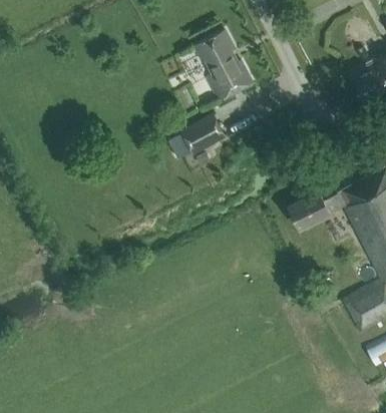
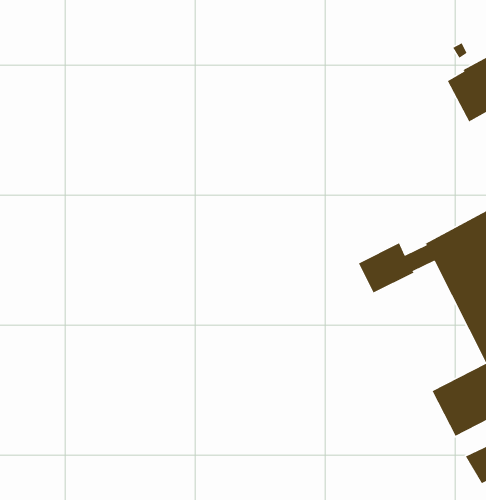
building: [194,30,253,101] -> none
building: [179,112,226,154] -> none

